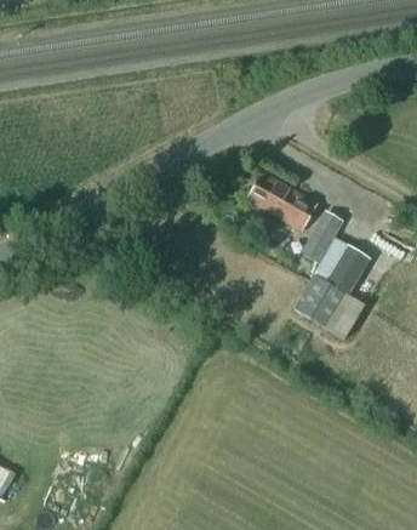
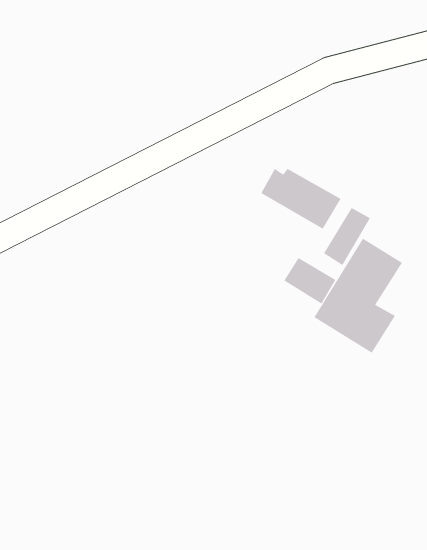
building: none -> [283,257,336,304]

